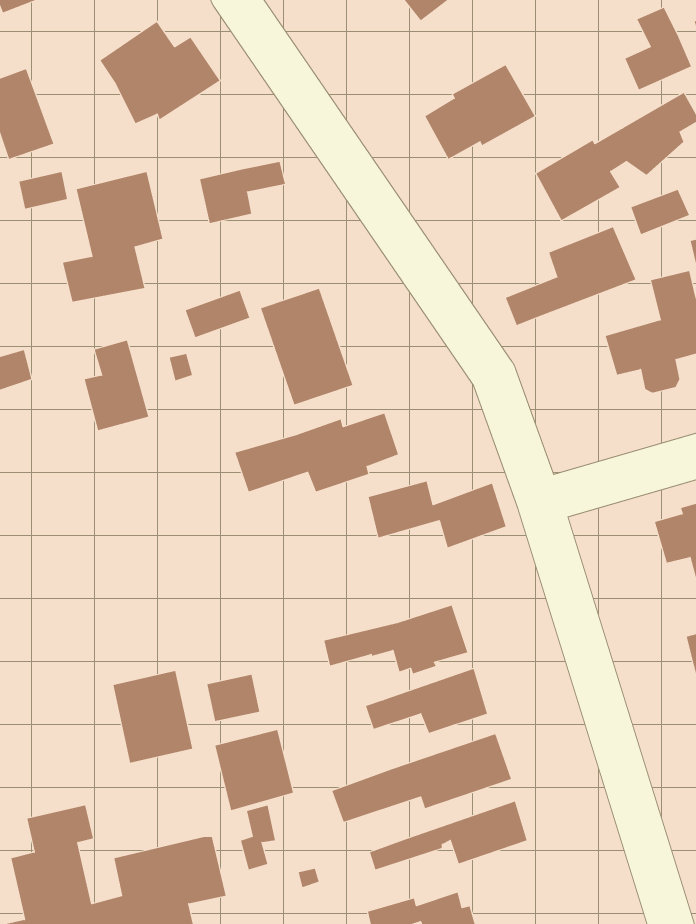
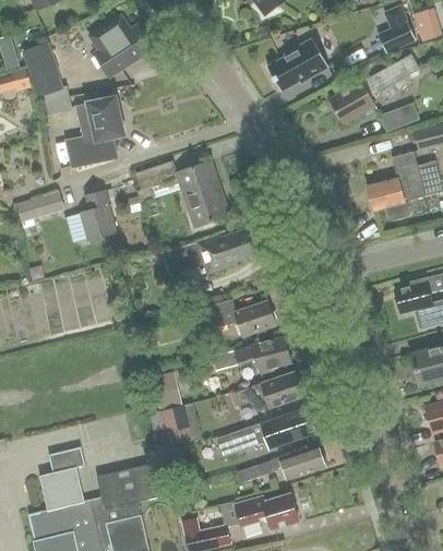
building: [199,161,286,224] -> none
building: [505,226,636,326] -> none
building: [368,481,506,548] -> [200,299,276,336]
building: [113,670,193,764] -> none

